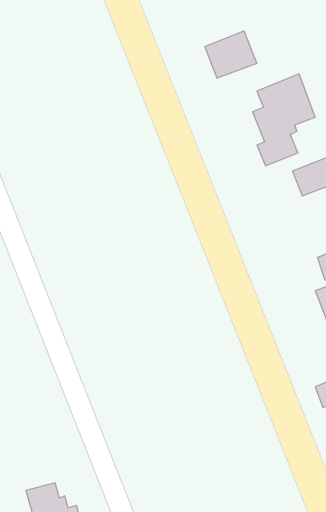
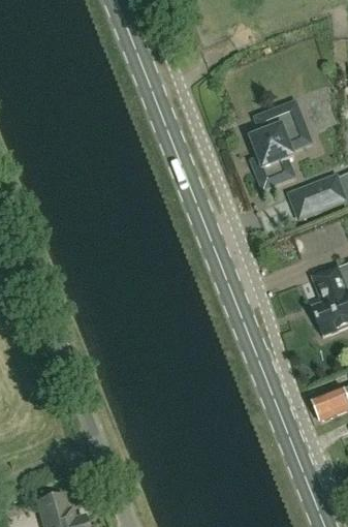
building: [205,31,257,78] -> none

